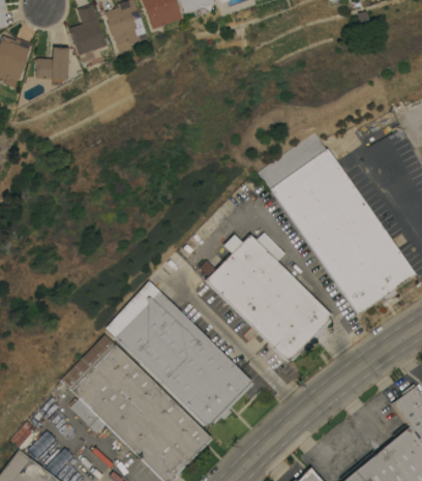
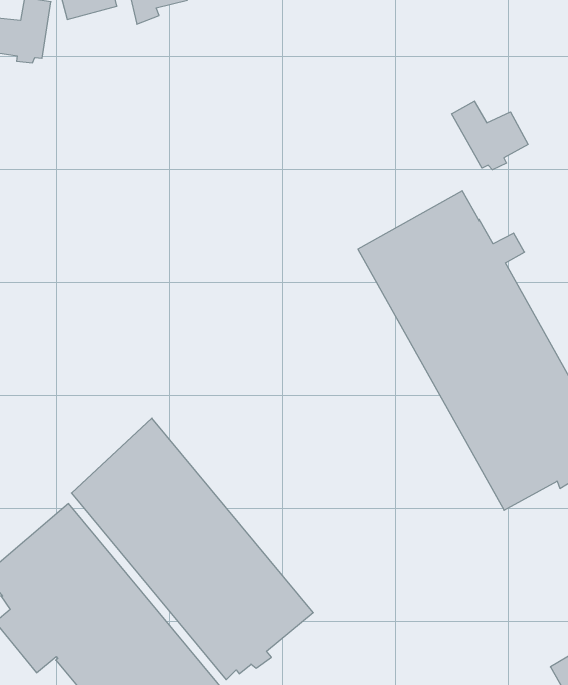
building: none -> [452,101,528,170]
building: [200,232,332,361] -> none

